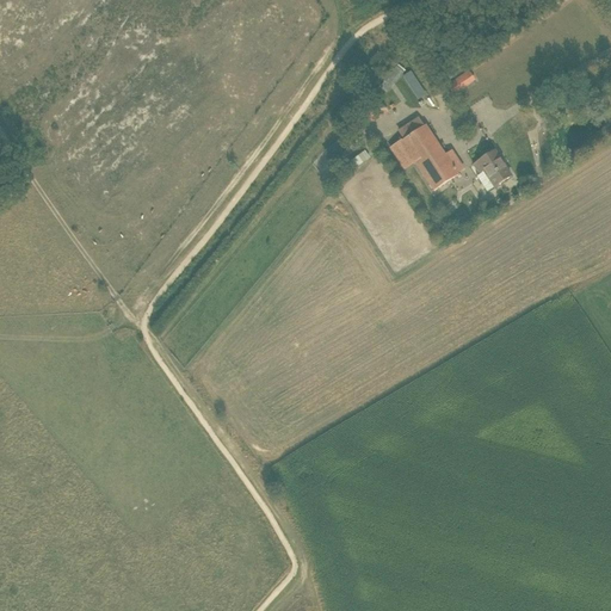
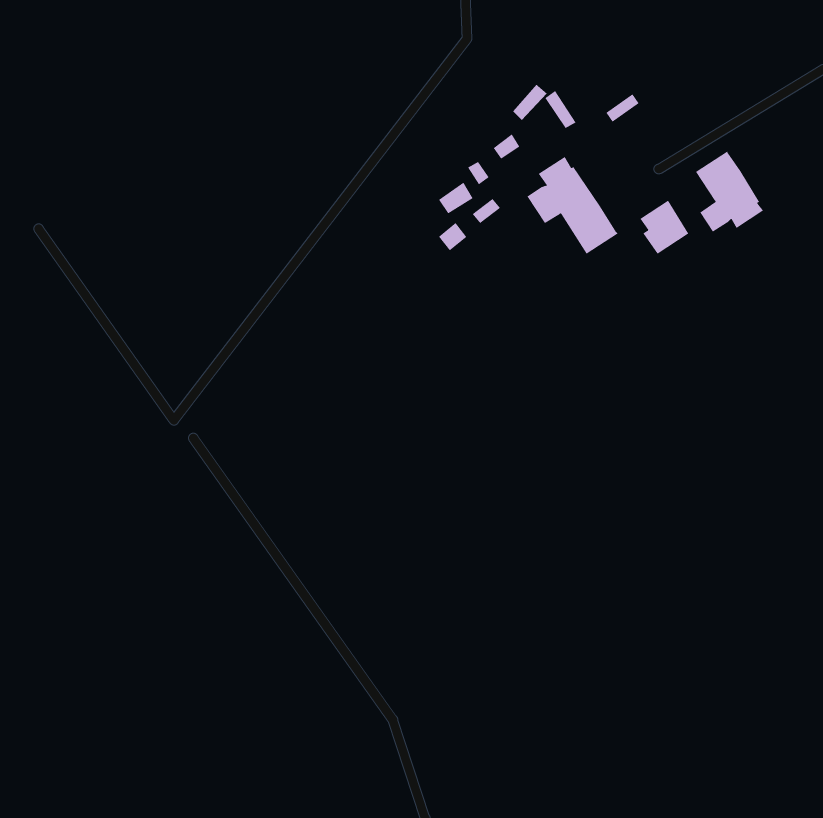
building: none -> [695,150,764,233]

